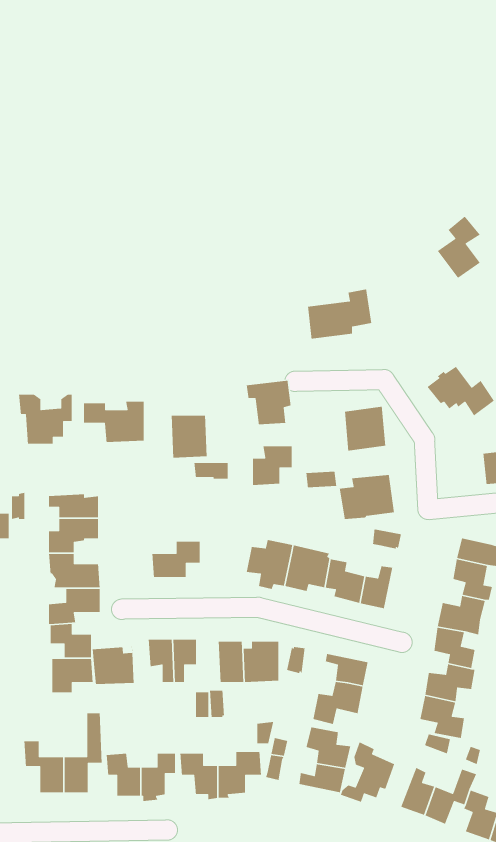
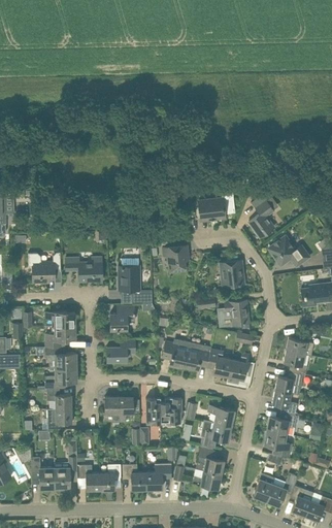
building: [437,216,481,279] -> [248,200,274,237]
building: [252,446,292,486] -> [110,306,134,330]
building: [92,646,134,685] -> none
building: [340,741,395,803] -> none

